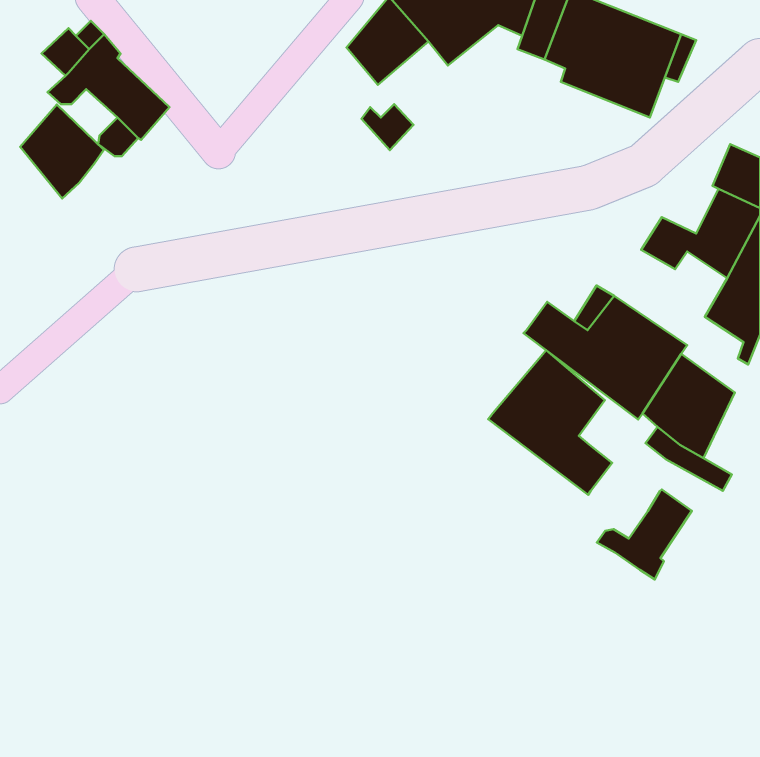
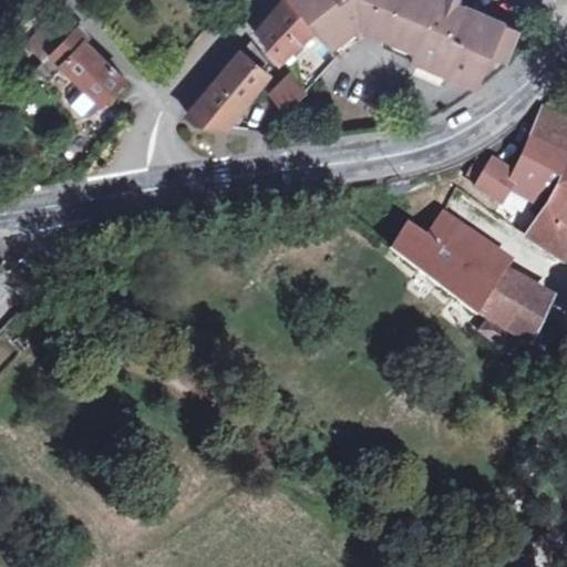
building: none -> [192,45,272,125]
building: [20,104,104,198] -> none
building: [488,350,612,495] -> none
building: [597,490,692,579] -> none

